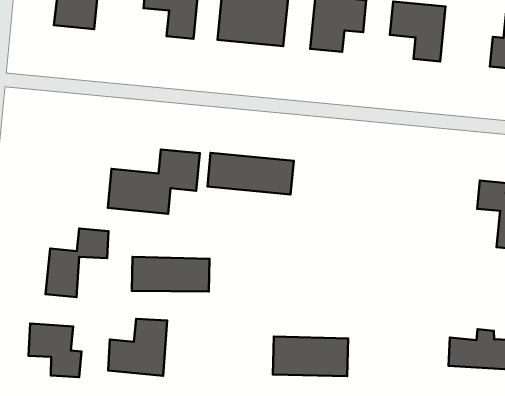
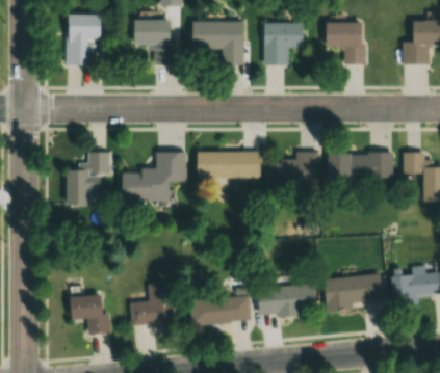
building: none -> [270,151,317,187]
building: none -> [327,152,392,179]
building: [46,228,109,297] -> [66,152,110,205]
building: [132,257,209,291] -> [190,295,252,325]
building: none -> [323,273,383,311]

